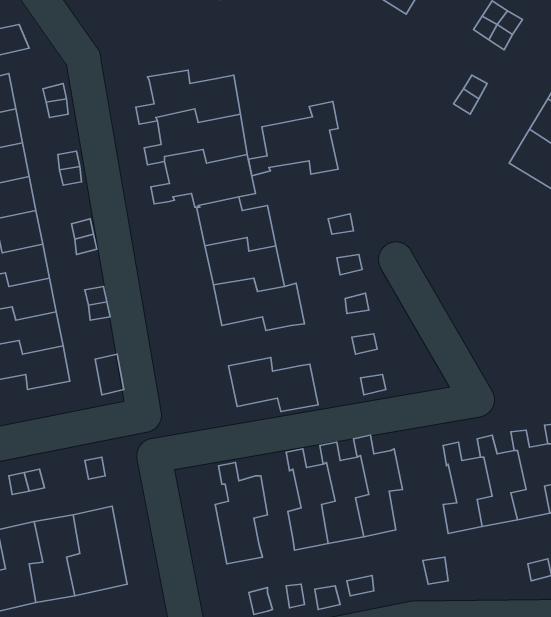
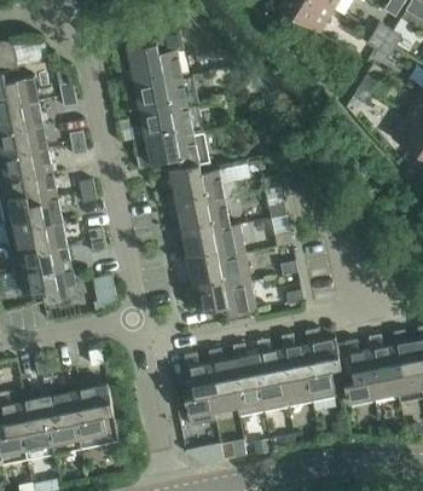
building: [248,102,338,176] -> [118,30,182,83]
building: none -> [186,249,242,288]
building: none -> [305,329,341,402]
building: none -> [208,348,243,412]

